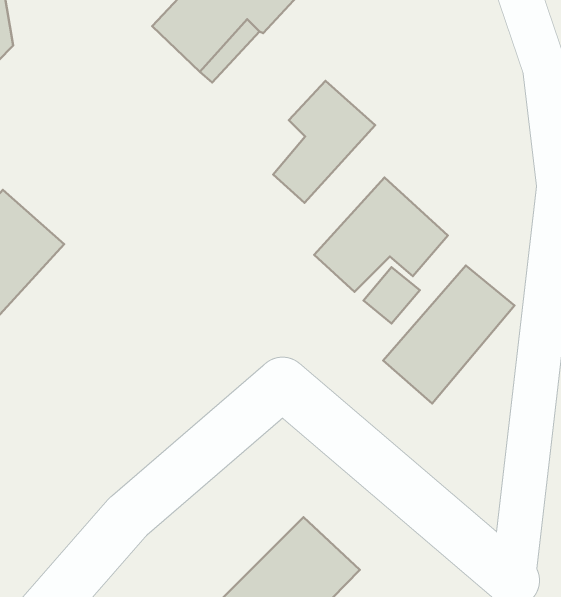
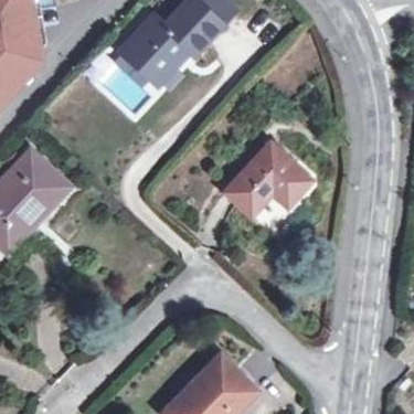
building: [273,81,375,203] -> none
building: [383,265,515,404] -> none

